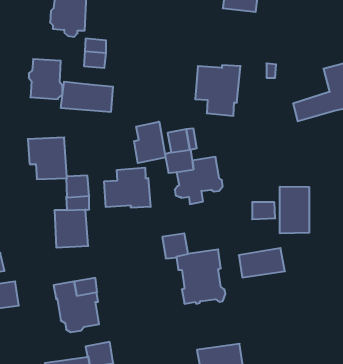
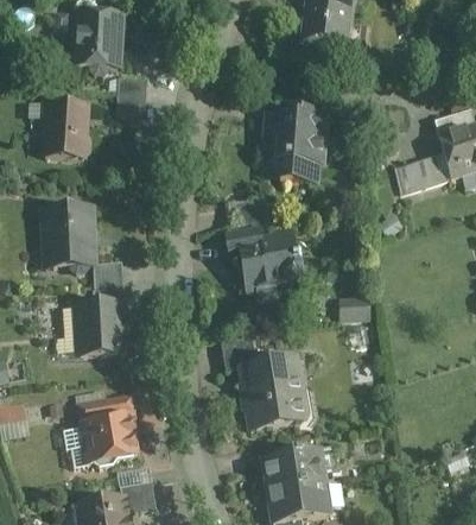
building: [61,82,113,112] -> none
building: [134,122,165,163] -> none
building: [104,168,151,208] -> none
building: [280,187,309,233] -> none
building: [239,248,285,277] -> [262,453,324,492]

